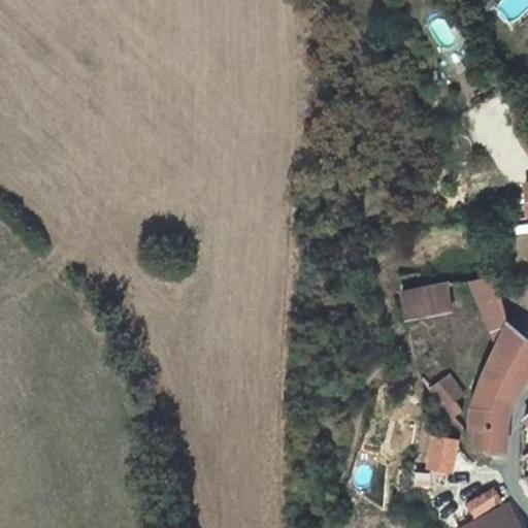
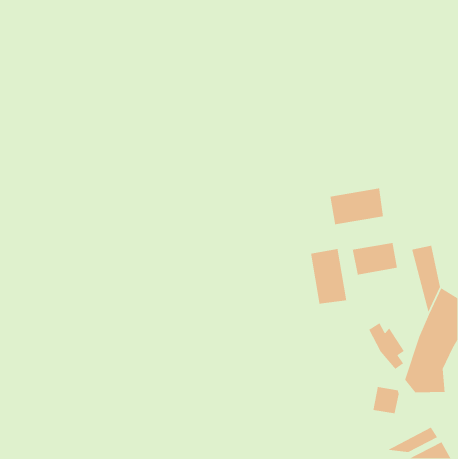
building: none -> [329,187,384,225]
building: none -> [310,248,347,305]

